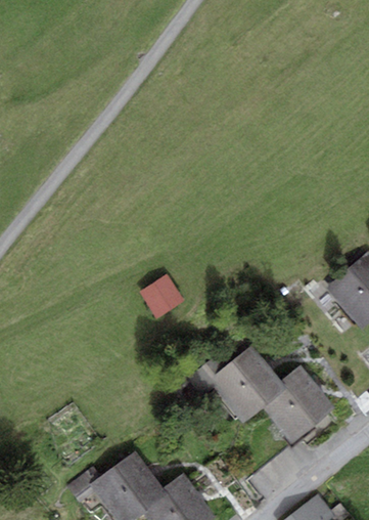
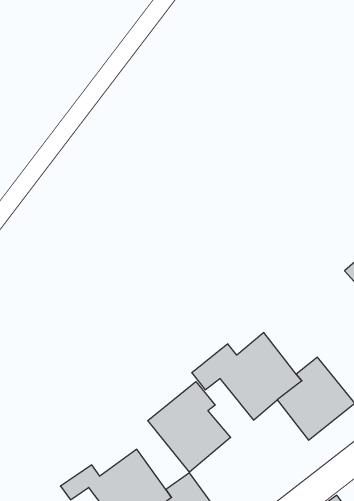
building: [139,276,183,320] -> none
building: none -> [148,382,231,472]

